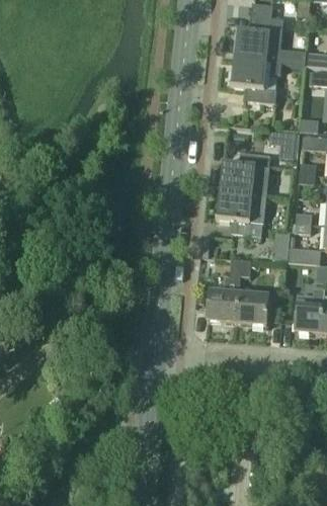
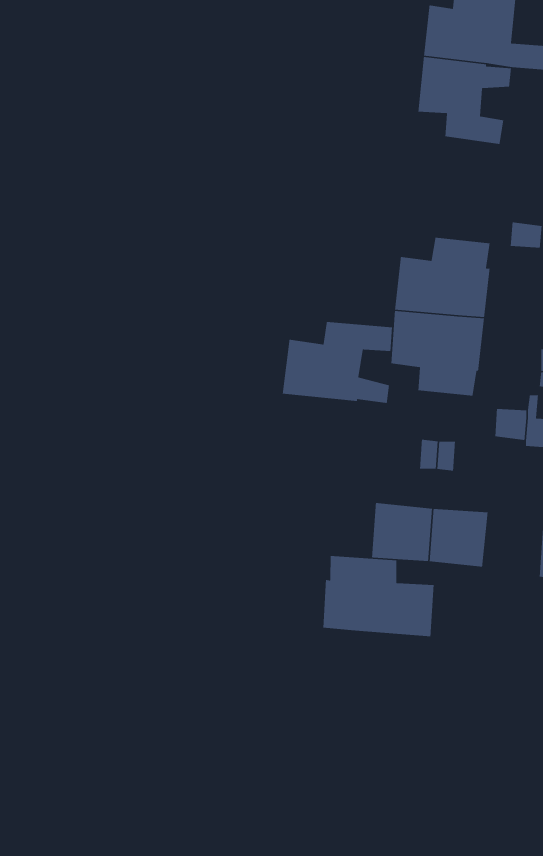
building: none -> [282,321,393,404]
building: none -> [322,555,434,637]

